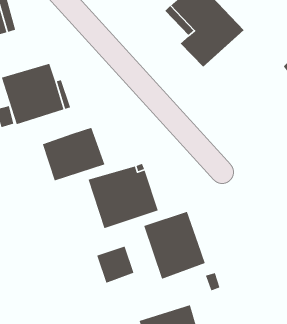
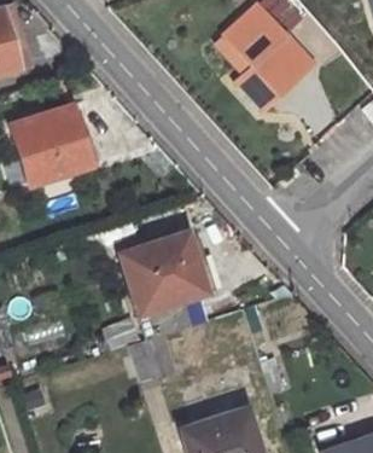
building: [42,127,106,182] -> none
building: [143,211,206,280] -> none

